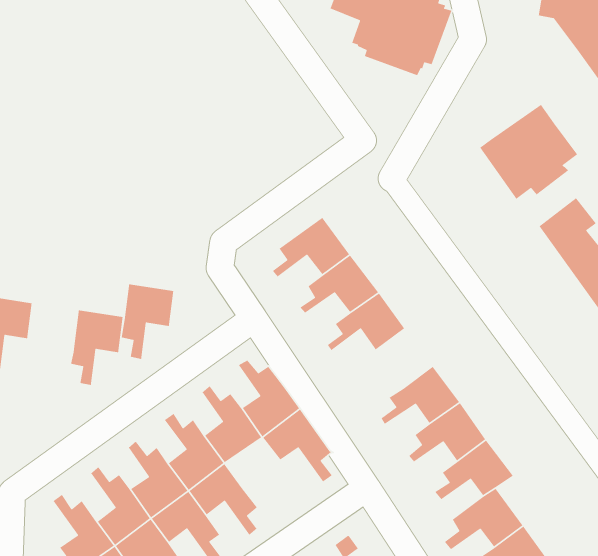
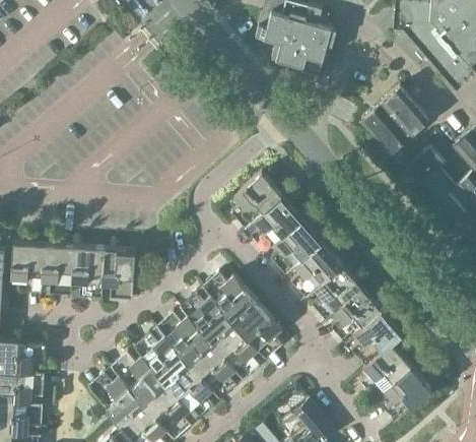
building: [121,283,174,360] -> [72,248,105,298]
building: none -> [290,244,342,287]
building: none -> [210,324,259,370]

